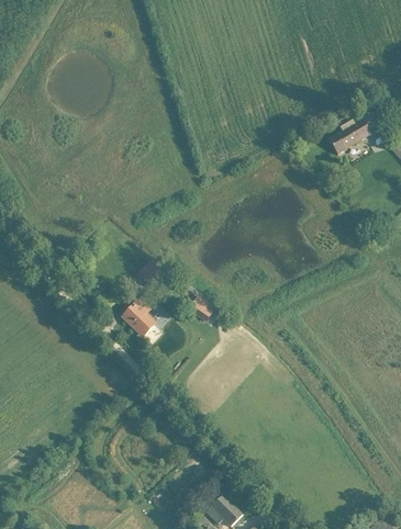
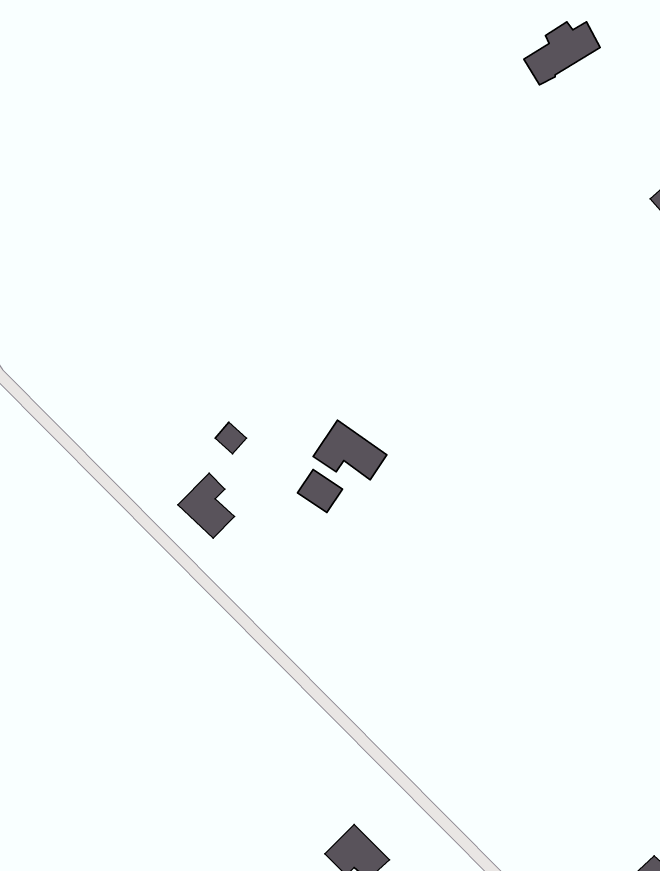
building: [328,120,371,155] -> [524,22,600,85]
building: none -> [313,420,387,480]

